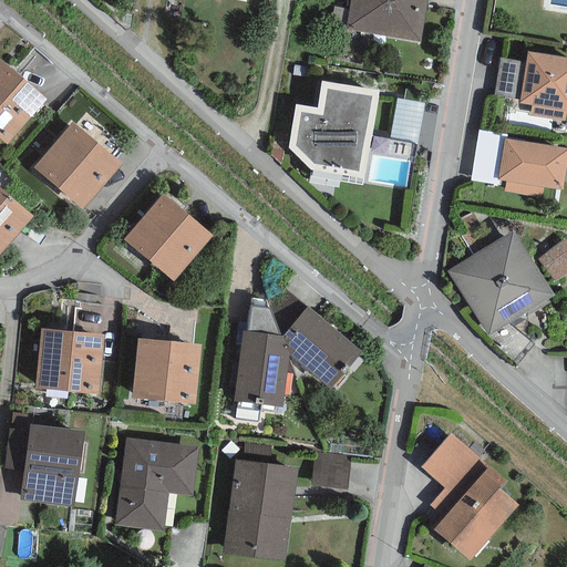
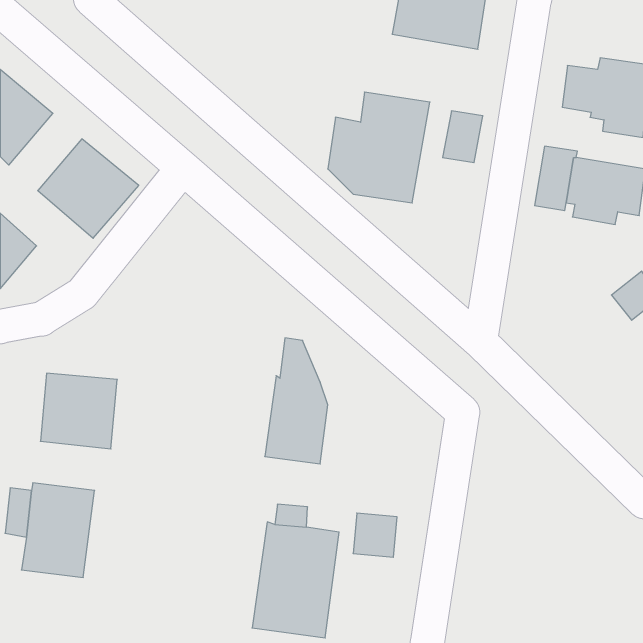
building: [124,193,213,281] -> none
building: [447,229,554,336] -> none
building: [282,306,363,389] -> none
building: [132,338,202,403] -> none
building: [421,432,519,560] -> none
building: [115,437,198,530] -> none

